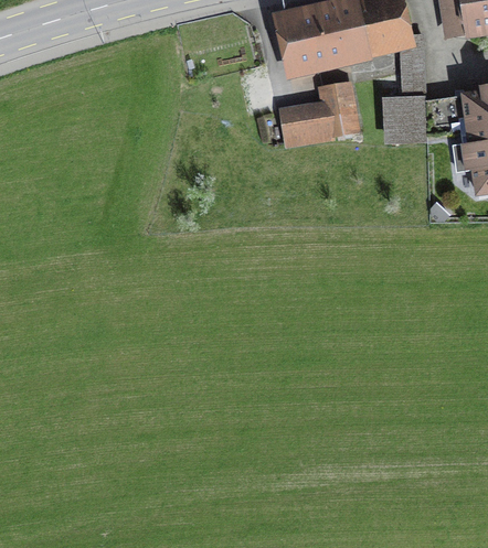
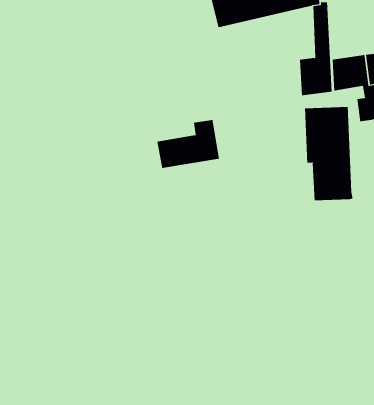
building: [282,86,354,142] -> [157,120,220,168]
building: none -> [305,106,353,201]

